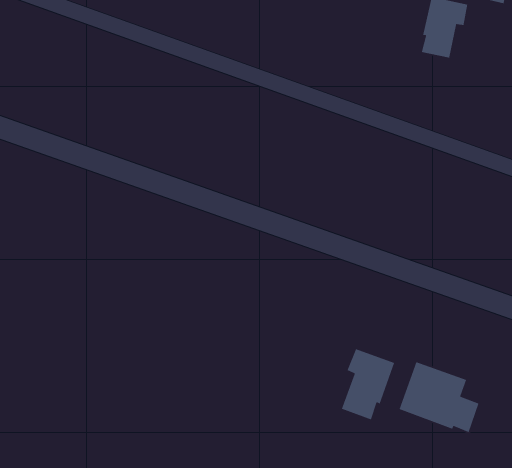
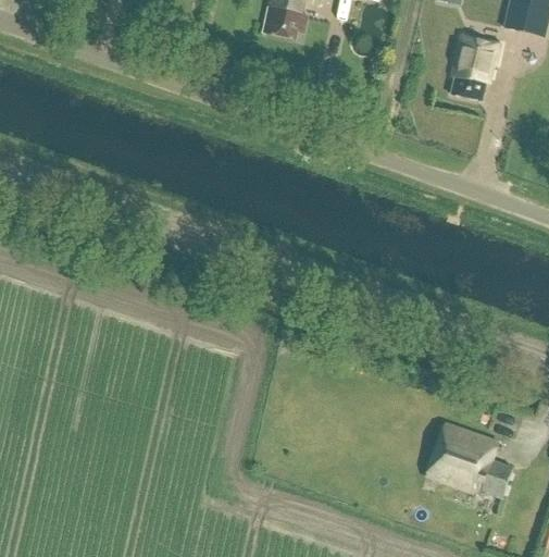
building: [341,348,395,421] -> none

